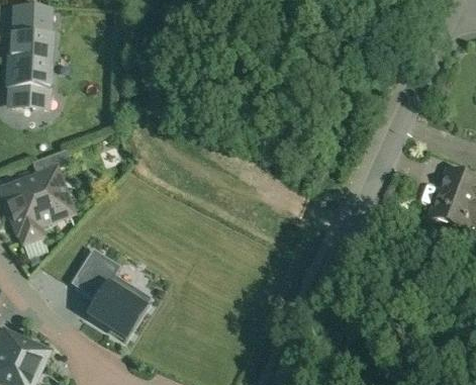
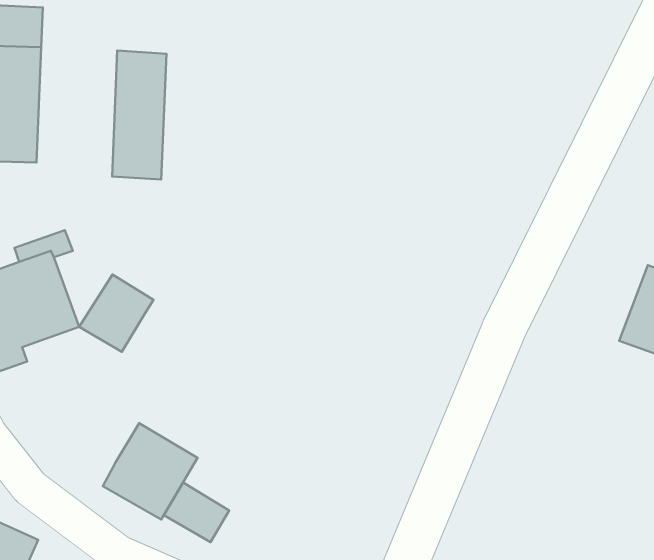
building: none -> [112,51,166,180]
building: [71,251,118,300] -> [79,275,153,352]
building: none -> [164,483,229,542]

